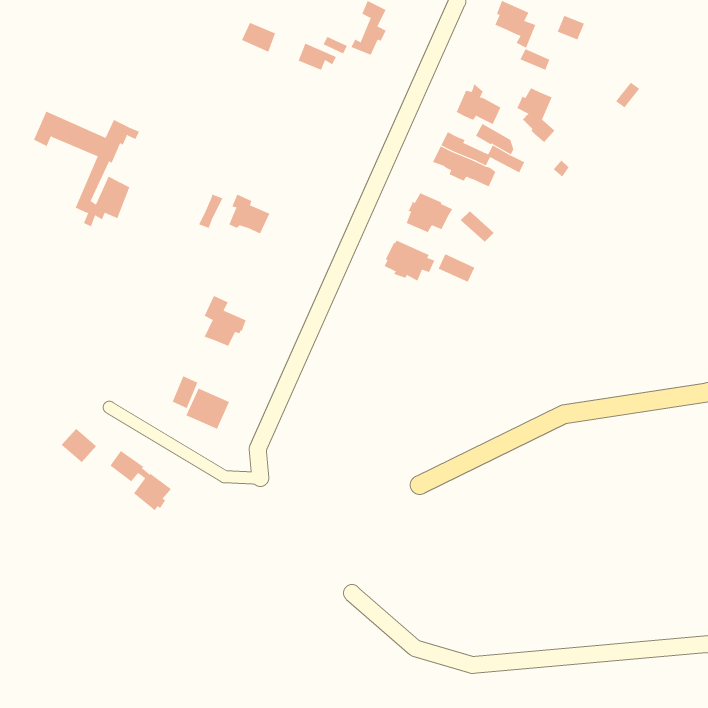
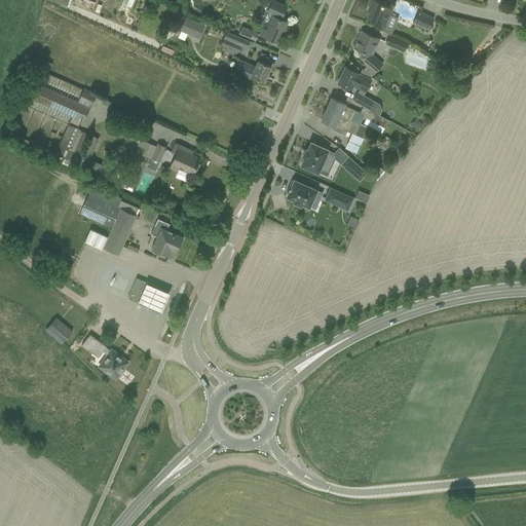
building: none -> [234,61,271,82]
building: [517,88,555,143] -> [353,32,382,73]
building: none -> [79,184,139,247]

